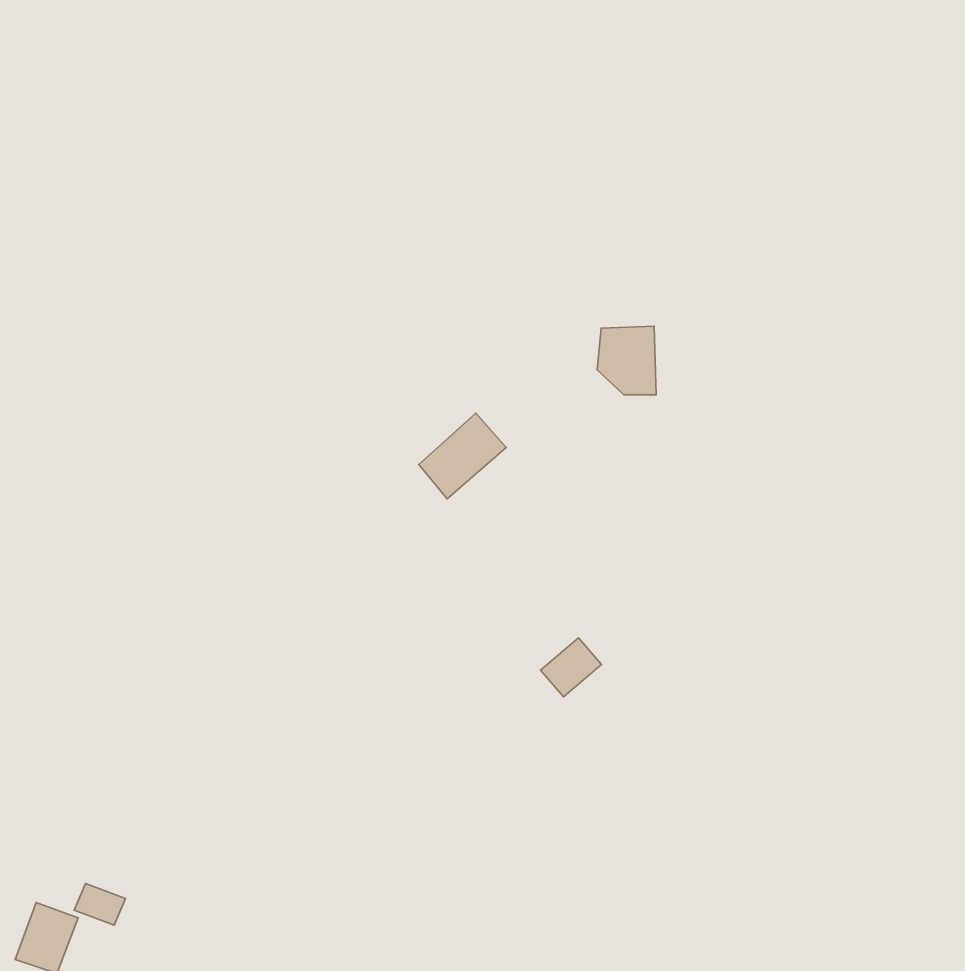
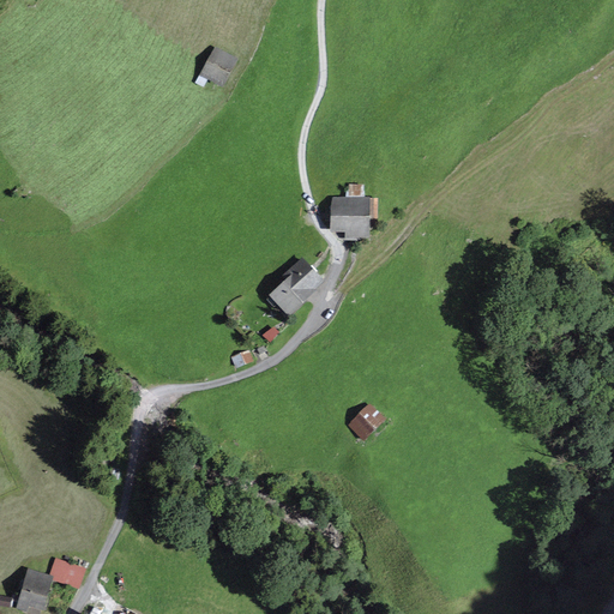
building: none -> [198,44,235,84]
building: [597,326,656,395] -> [330,197,367,240]

